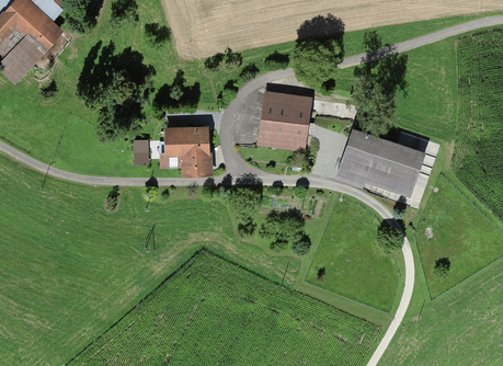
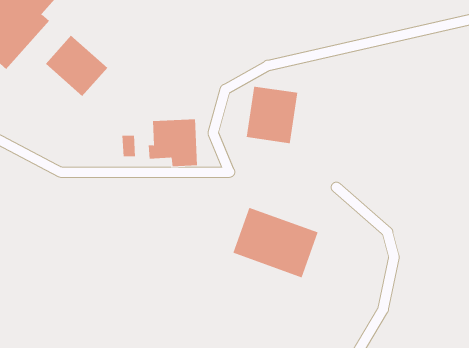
building: none -> [45,35,108,97]
building: [338,125,424,196] -> [232,207,319,278]

